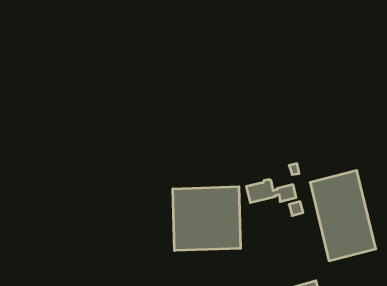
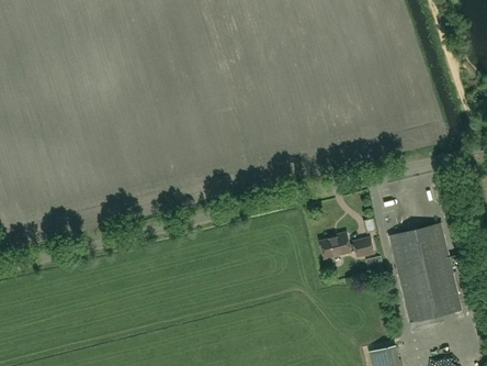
building: [173,187,241,251] -> none

